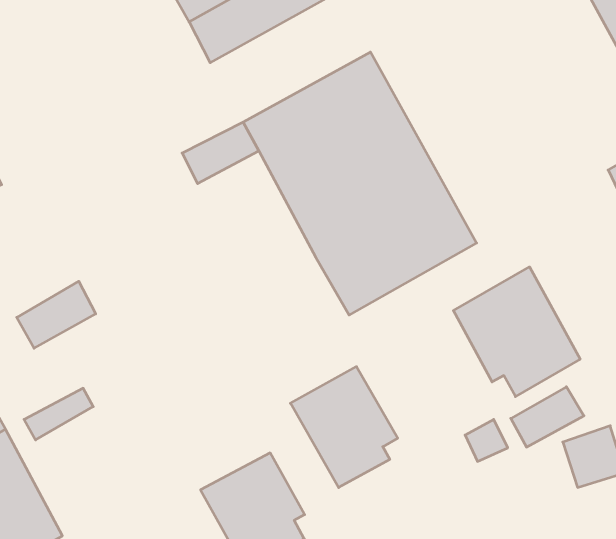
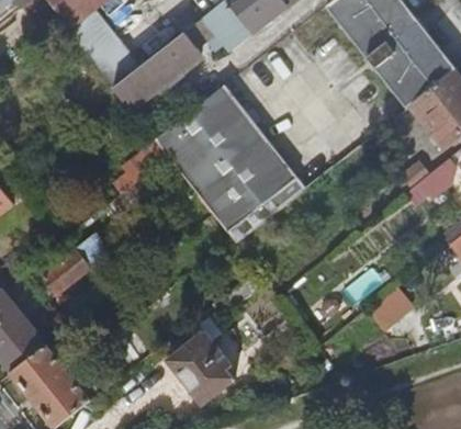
building: [453,267,580,397] -> none
building: [290,367,398,488] -> none

